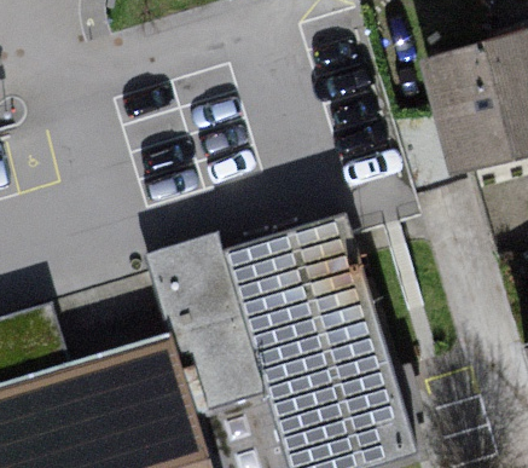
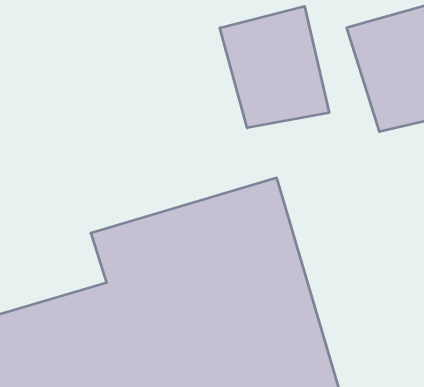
building: none -> [220,6,329,128]

